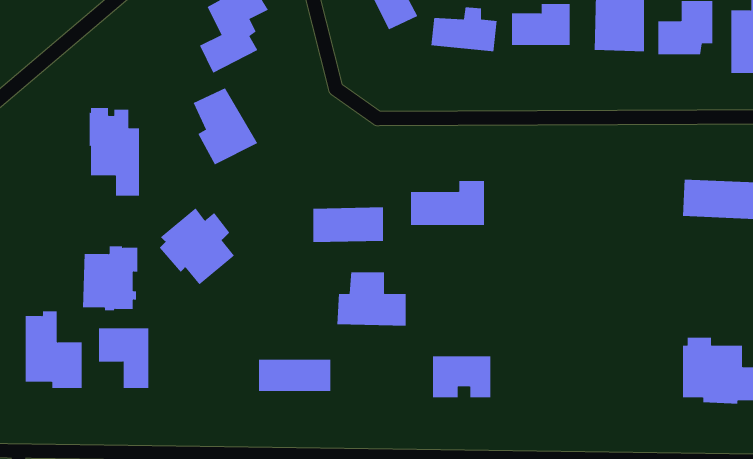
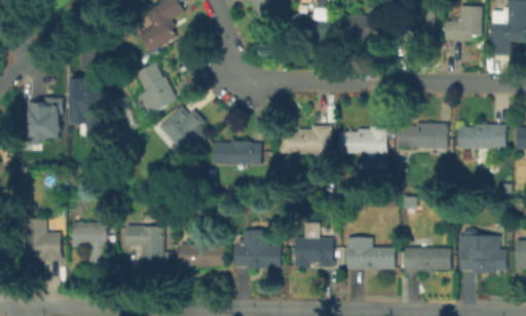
building: none -> [398,124,448,149]
building: none -> [338,127,387,152]
building: [159,208,235,285] -> [158,108,209,159]
building: [82,246,138,311] -> [24,94,61,137]
building: [337,272,406,326] -> [235,232,281,268]
building: none -> [127,227,163,262]
building: none -> [348,239,393,269]
building: none -> [405,247,450,272]

